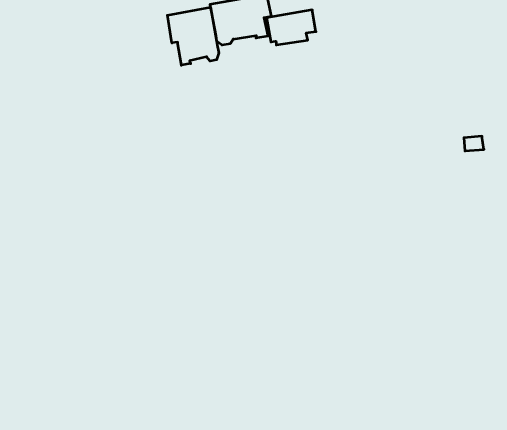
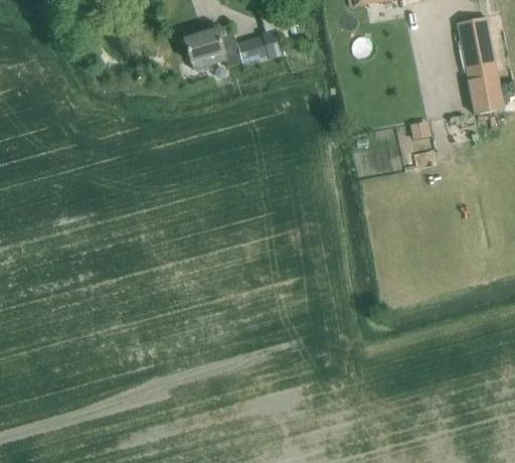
building: [167,7,219,65] -> none

